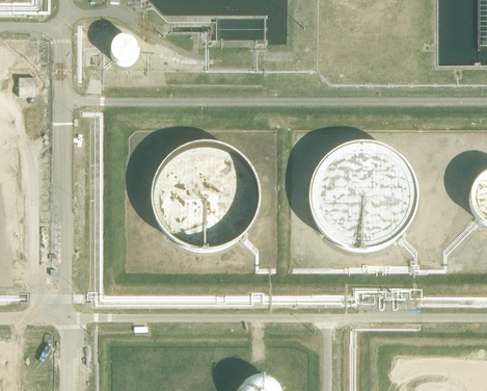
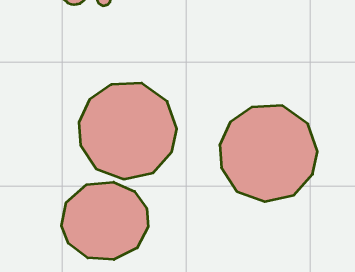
building: none -> [61,182,148,260]

